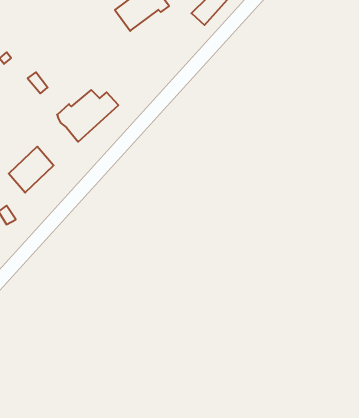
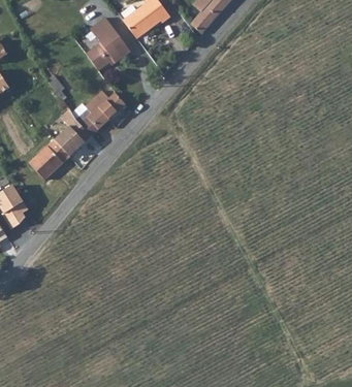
building: none -> [86,17,131,70]
building: none -> [55,115,91,156]

